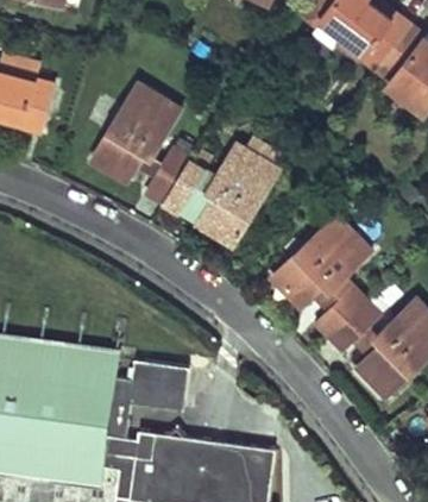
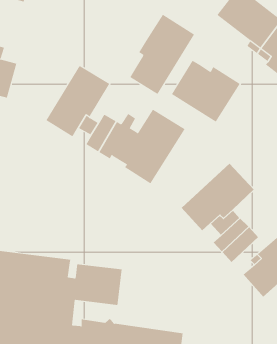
building: none -> [129,14,195,95]
building: none -> [171,60,240,122]

